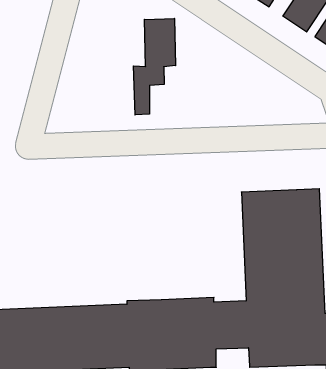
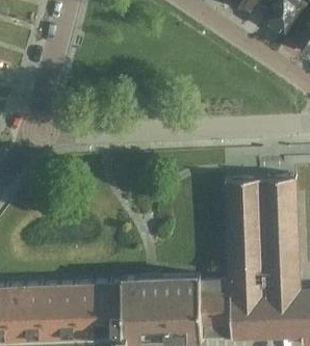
building: [133,18,176,115] -> none

